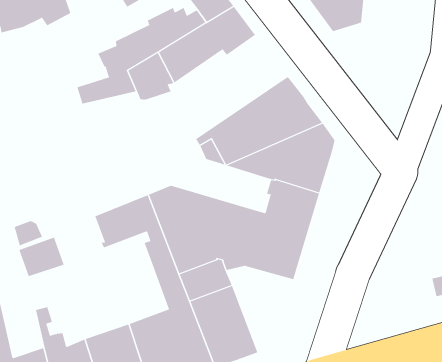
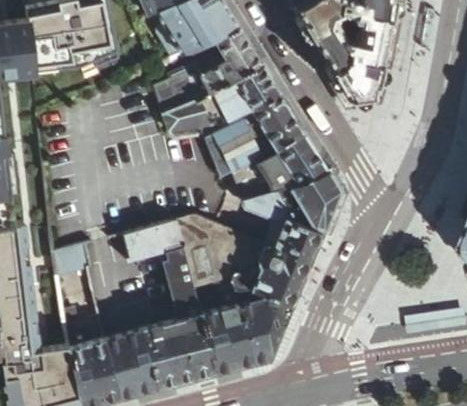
building: none -> [201,93,301,177]
building: none -> [231,290,288,365]

